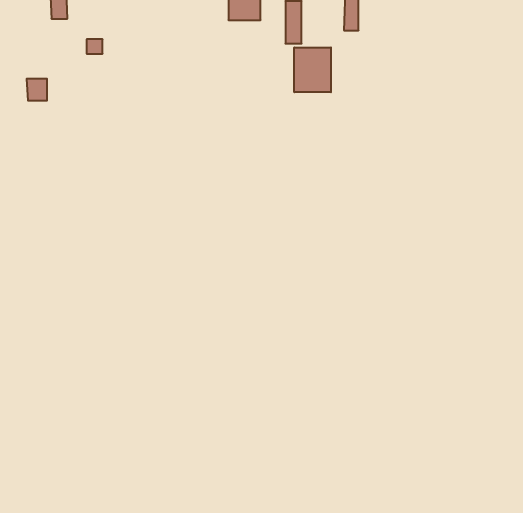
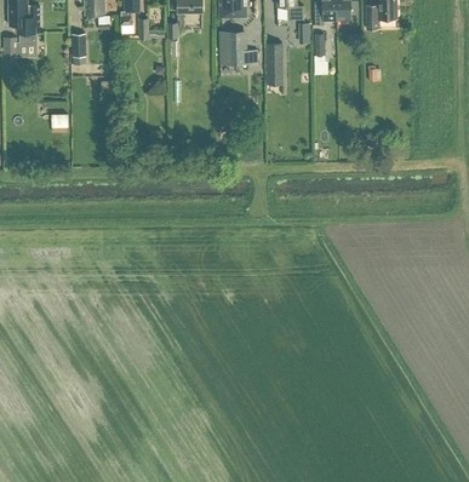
building: [294,47,331,92] -> none

